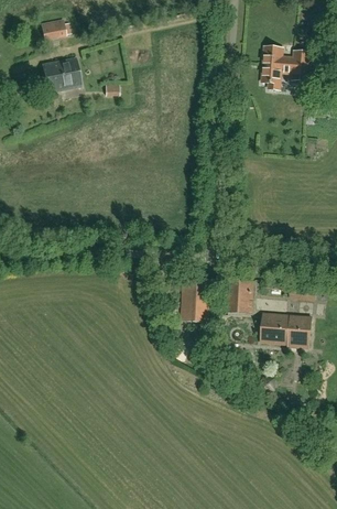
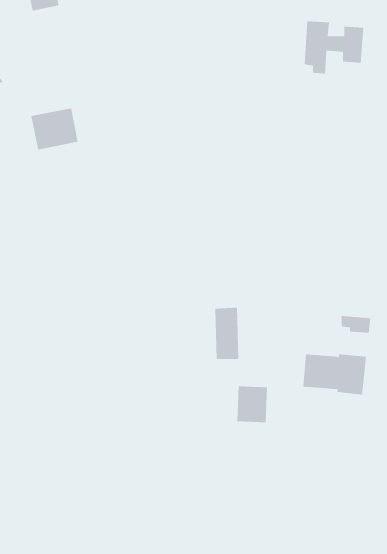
building: [42,58,80,93] -> [31,108,79,150]
building: [226,282,251,312] -> [236,386,268,423]

